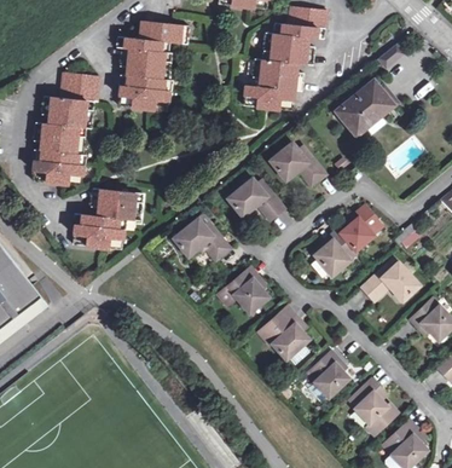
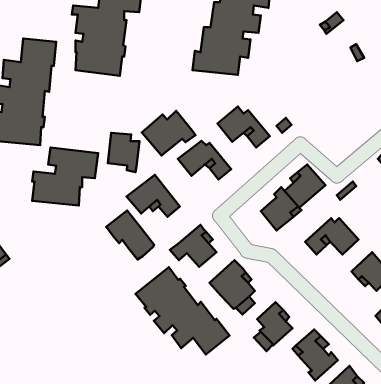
building: [337,81,399,133] -> none
building: none -> [142,111,196,155]
building: none -> [108,133,140,172]
building: none -> [106,210,154,260]
building: none -> [136,267,229,354]

